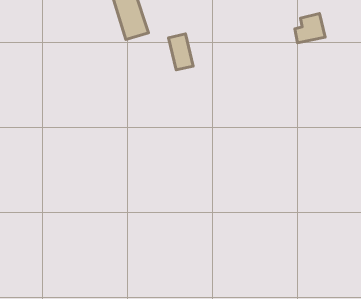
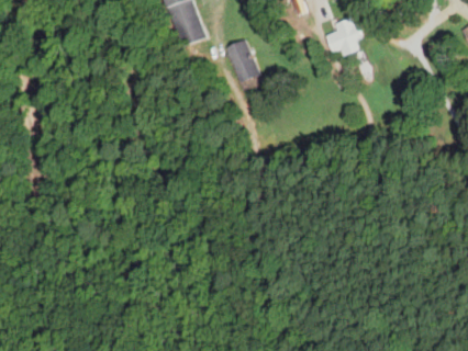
building: [295,14,325,43] -> [327,18,363,52]

